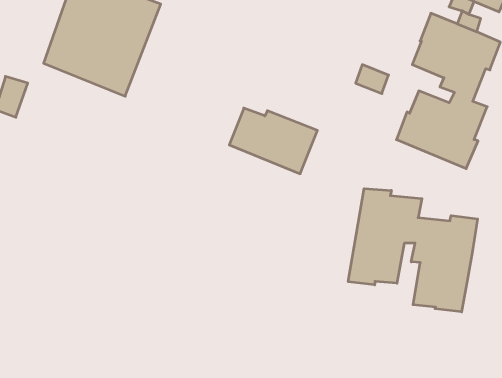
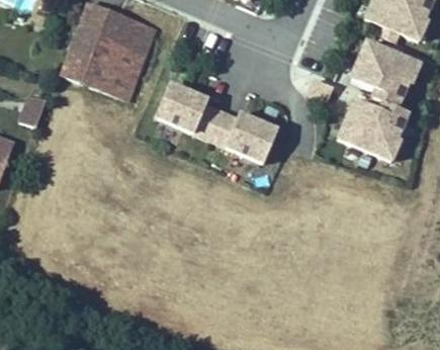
building: none -> [158,84,224,140]
building: [348,189,478,312] -> none

